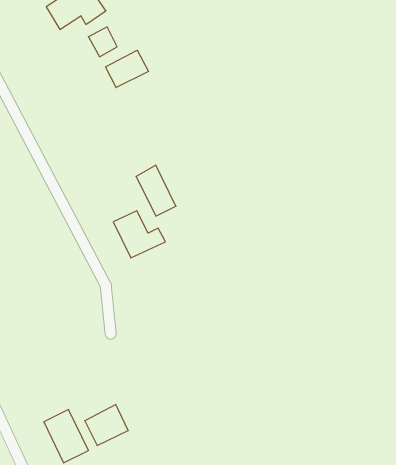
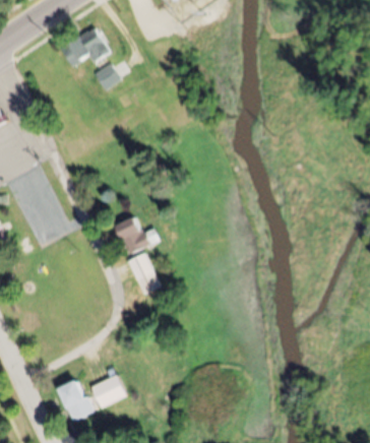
building: [106,50,148,88] -> none
building: [136,165,176,216] -> [128,251,161,293]

